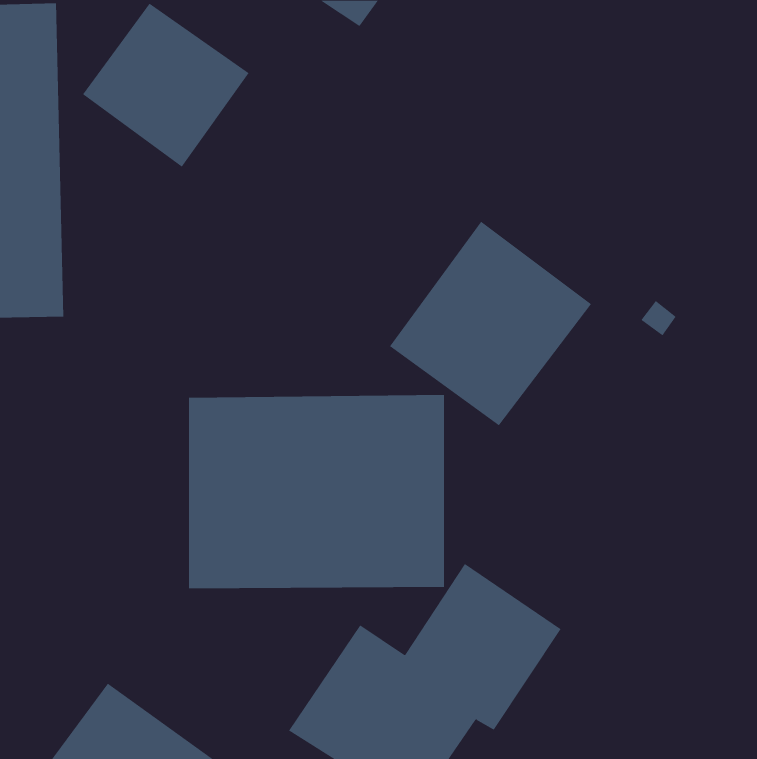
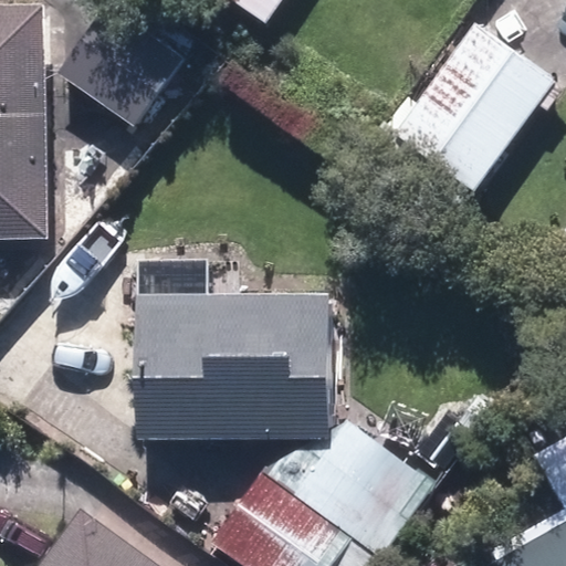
building: none -> [387,24,554,190]
building: [389,221,592,426] -> none

